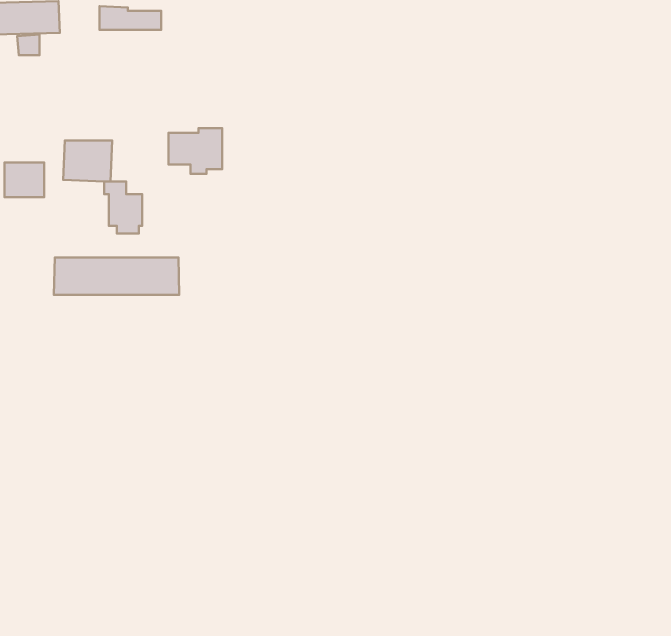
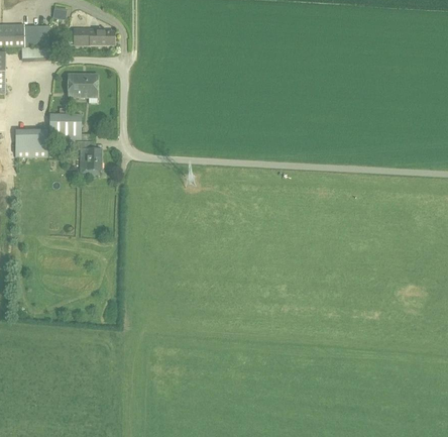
building: [169,128,222,174] -> [62,70,96,99]
building: [54,258,179,295] -> none

